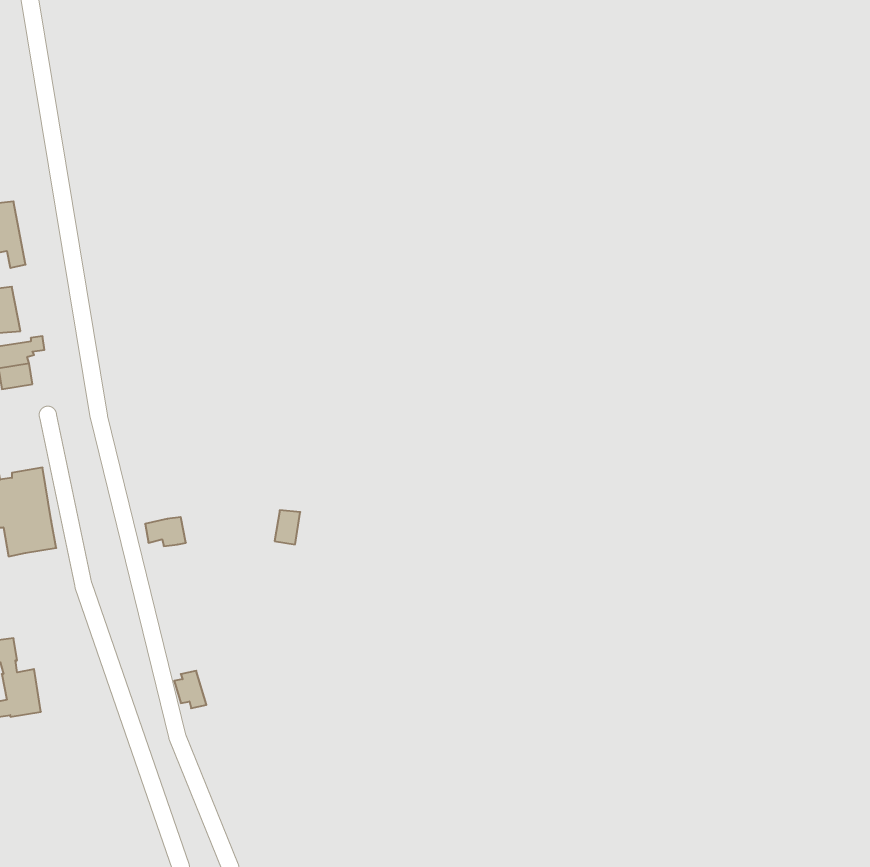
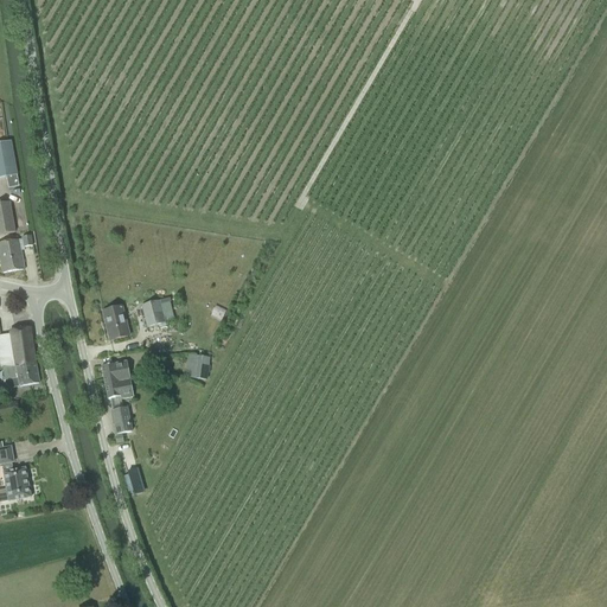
building: none -> [140,298,173,325]
building: none -> [102,304,129,338]
building: none -> [103,375,133,432]

